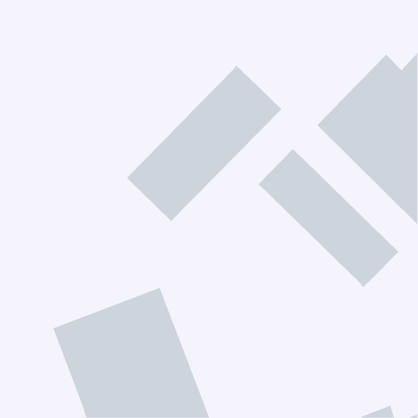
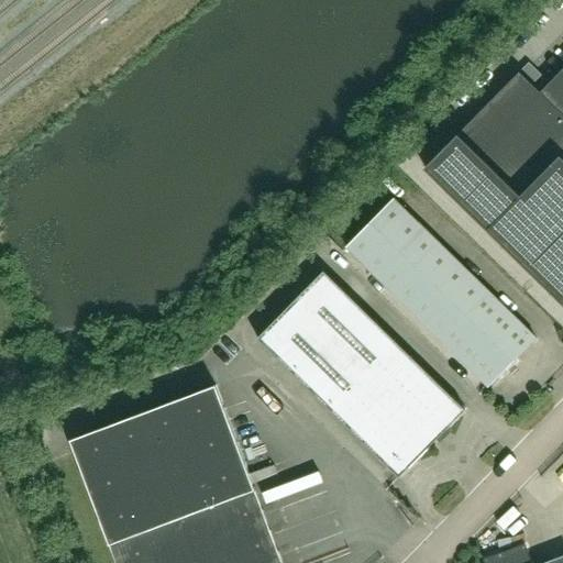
building: [126,65,282,222] -> none
building: none -> [257,272,465,477]

